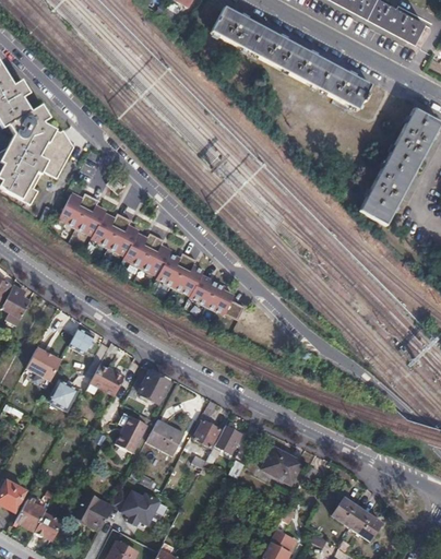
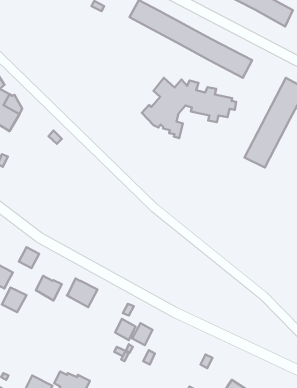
building: none -> [142,78,236,138]
building: [59,194,236,312] -> none
building: [116,415,147,452] -> none
building: [147,421,183,454] -> none
building: [262,448,302,483] -> none

